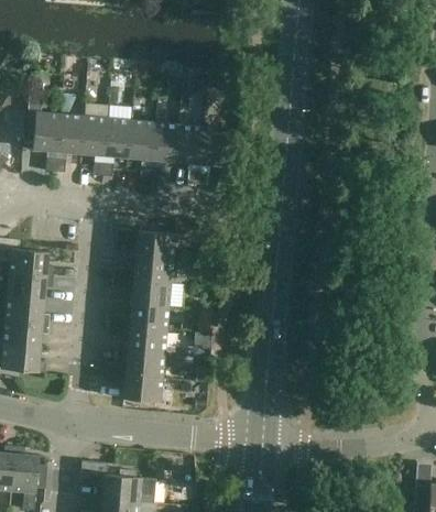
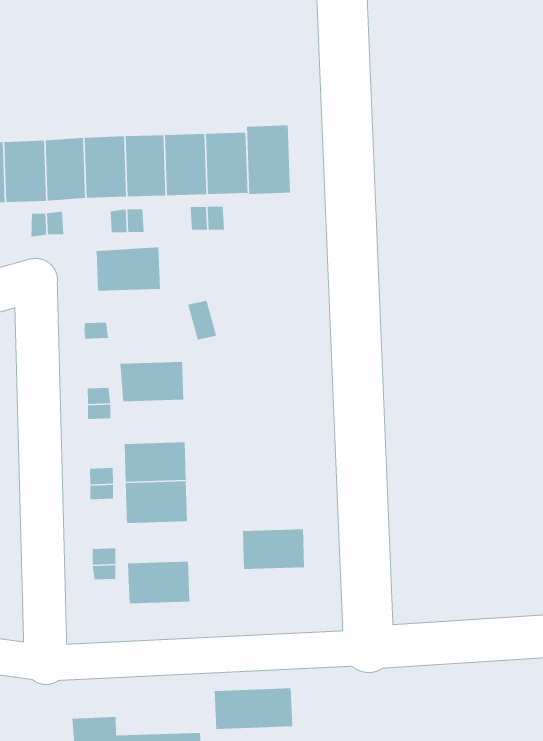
building: none -> [246,124,291,195]
building: [134,231,174,259] -> [96,246,161,292]
building: [131,279,170,306] -> none
building: [124,350,163,377] -> [242,529,305,570]
building: none -> [214,687,293,730]

